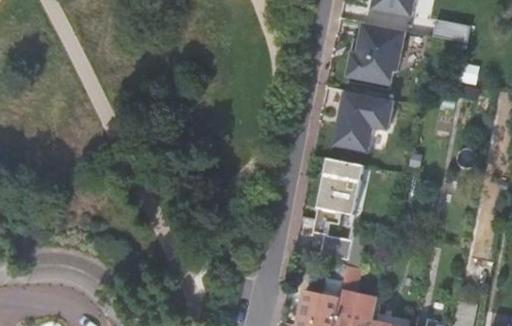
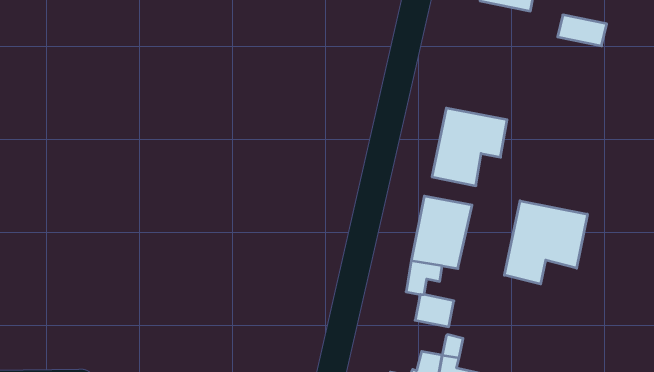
building: [347,22,404,83] -> none
building: none -> [504,201,587,284]

